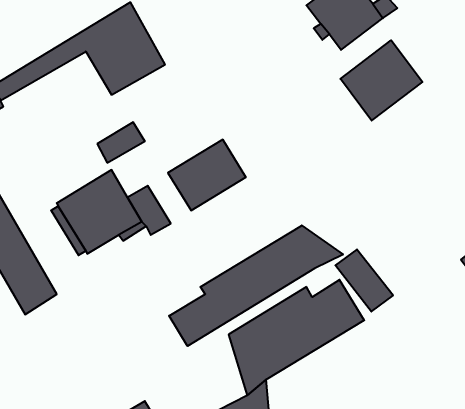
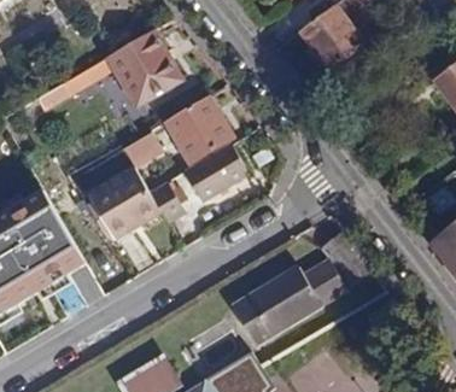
building: [340,40,422,121] -> none
building: none -> [169,103,232,162]
building: [169,225,343,346] -> none

